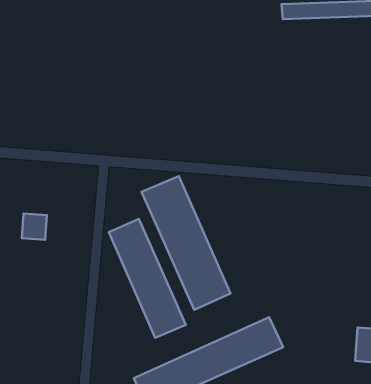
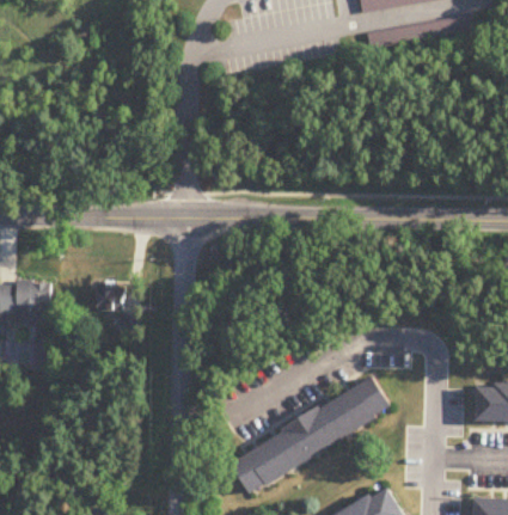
building: [142,176,230,310] -> none
building: [109,219,186,338] -> none

